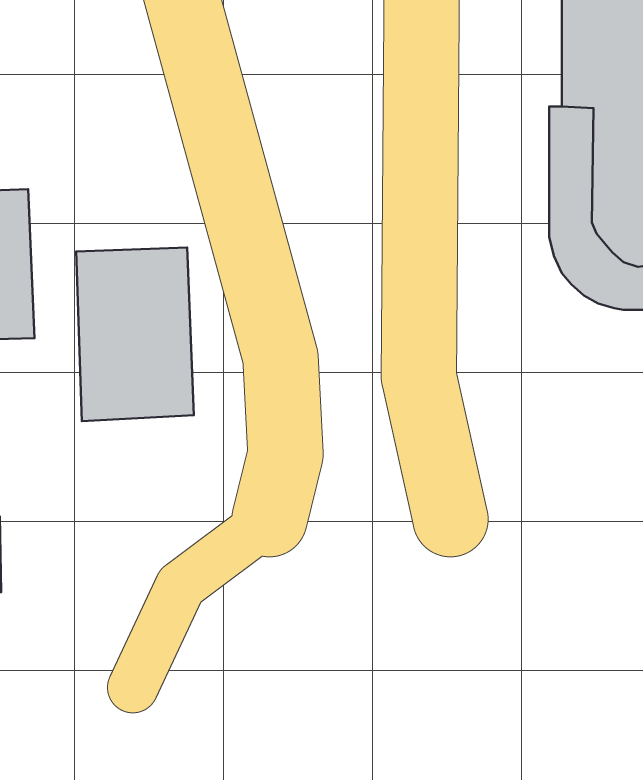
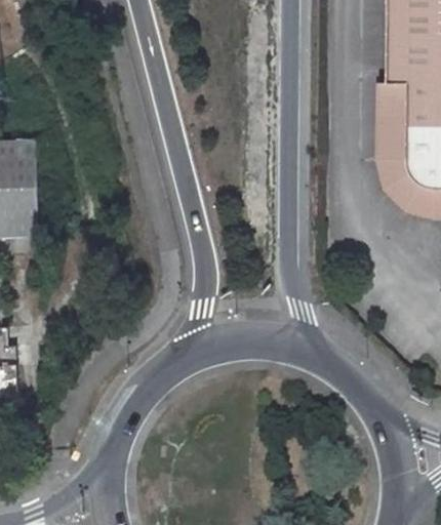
building: [76,247,194,421] -> none

